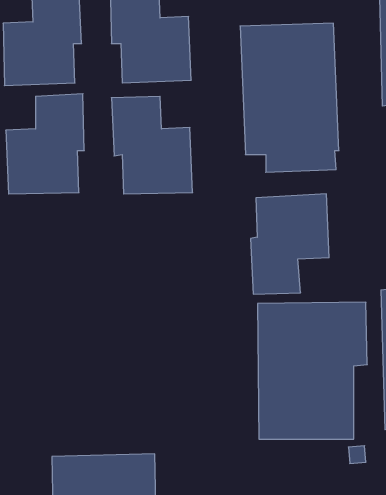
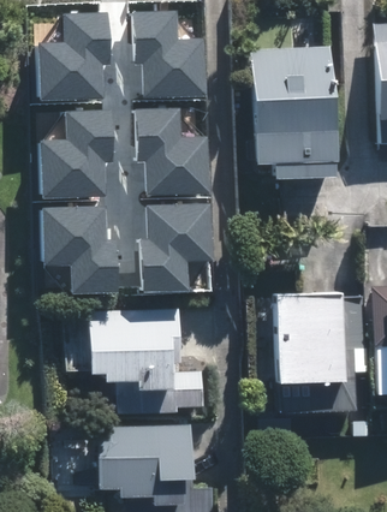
building: [251,194,329,294] -> [144,202,214,291]
building: none -> [47,207,118,293]
building: none -> [85,309,204,412]

